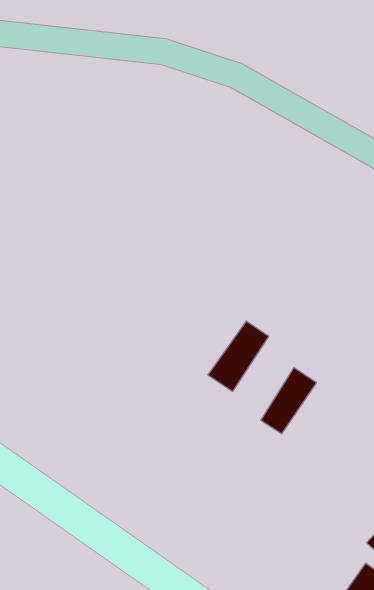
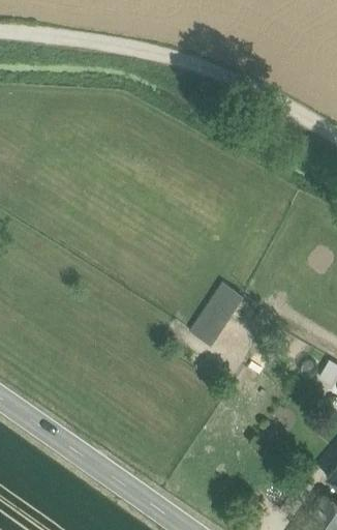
building: [261,367,316,434] -> none

